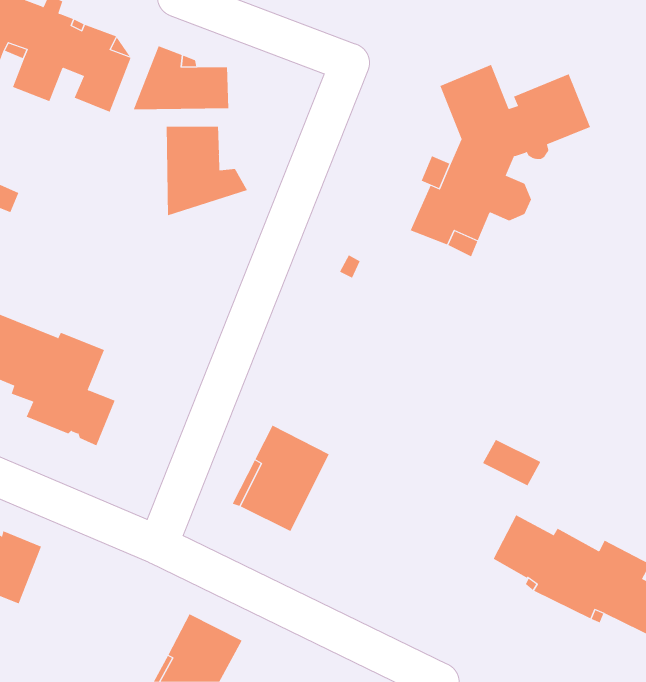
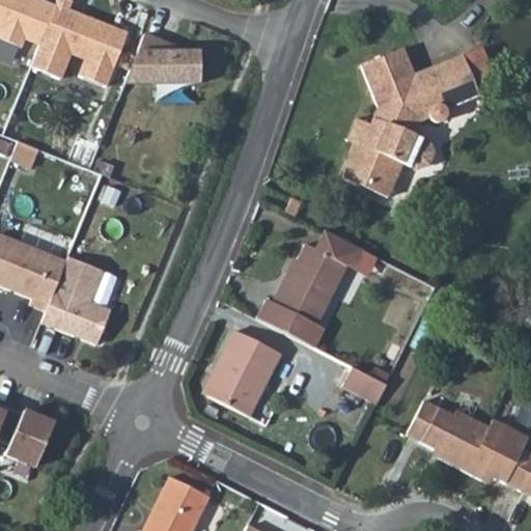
building: [166,126,248,216] -> none
building: none -> [256,229,359,346]
building: [482,439,541,486] -> [341,365,387,401]

